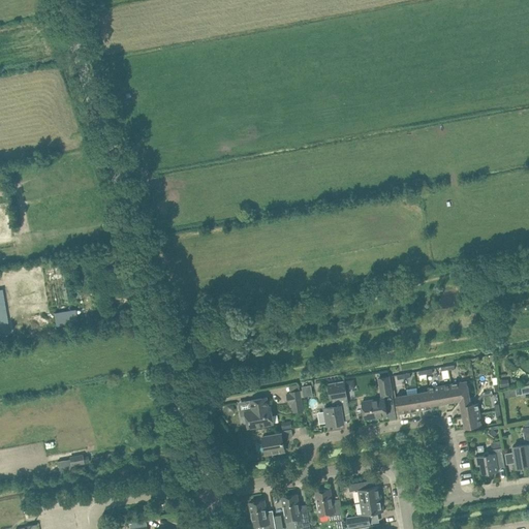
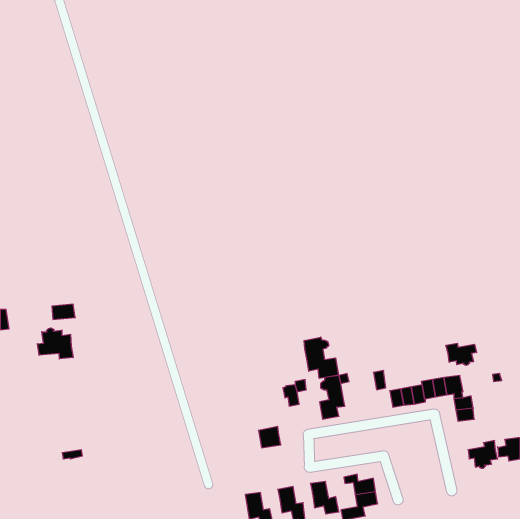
building: none -> [37,328,73,359]
building: none -> [304,337,338,378]
building: none -> [446,343,477,365]
building: [245,398,274,429] -> none
building: [362,399,387,421] -> none

